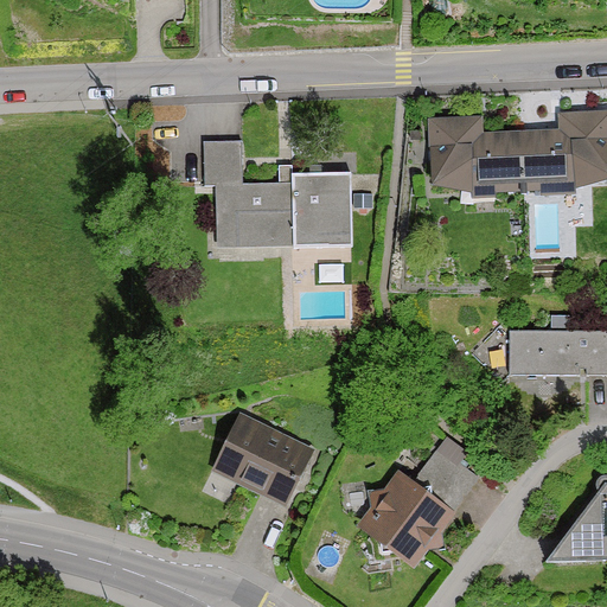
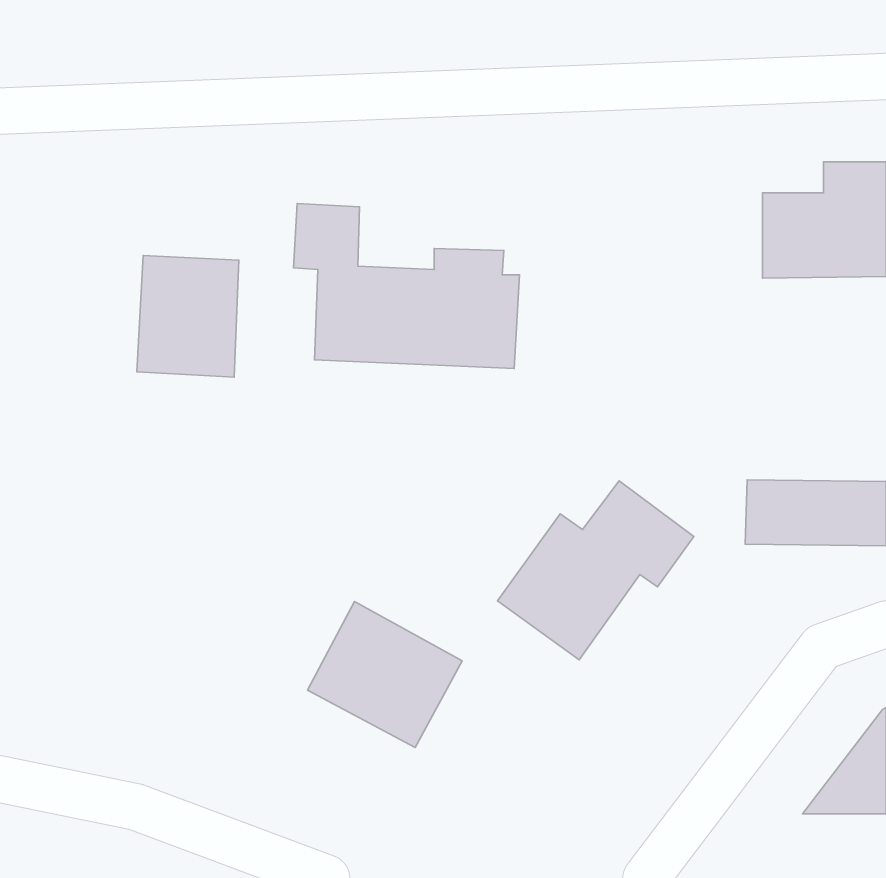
building: [429,119,520,190] -> none
building: none -> [137,255,239,377]
building: [357,445,491,567] -> [498,481,694,660]

